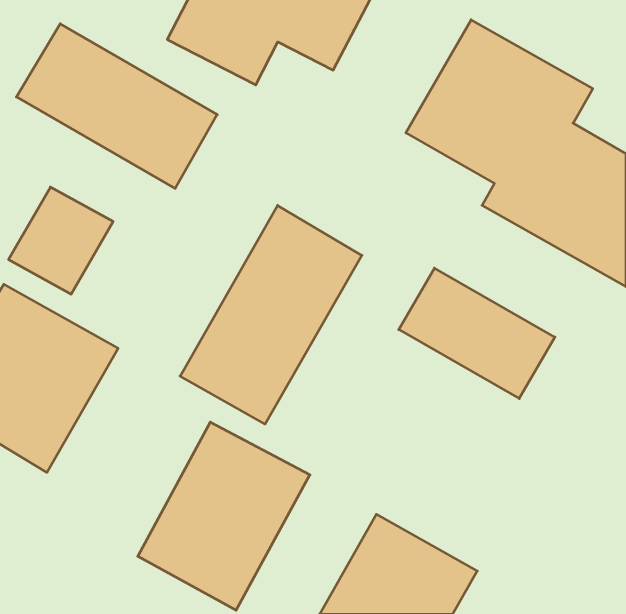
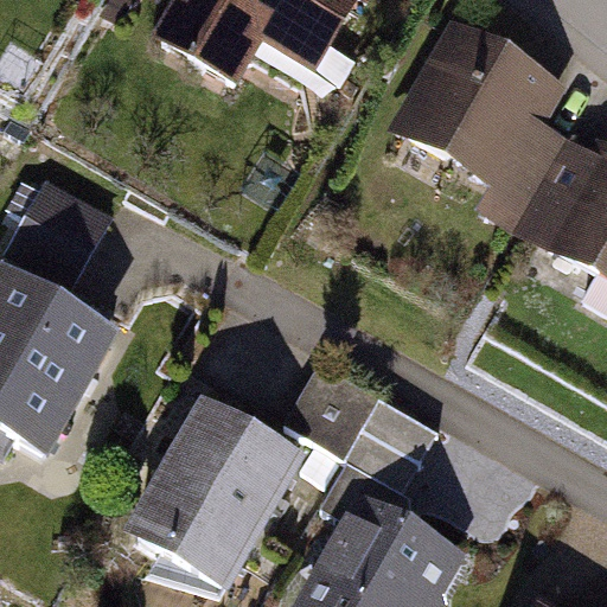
building: [16,24,217,188] -> none
building: [180,205,362,424] -> none
building: [399,268,555,399] -> [286,360,436,486]

